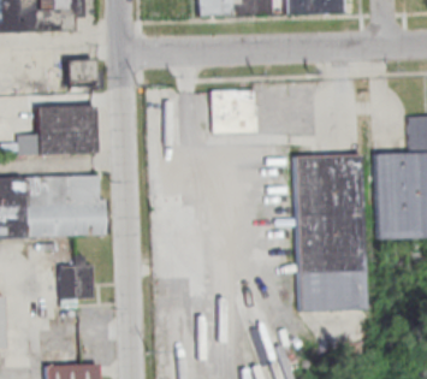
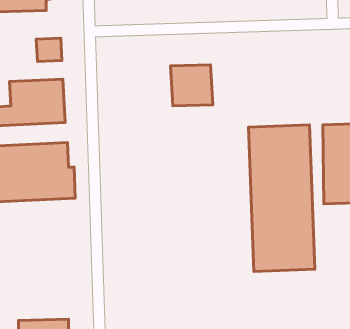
building: [59,255,93,300] -> none

